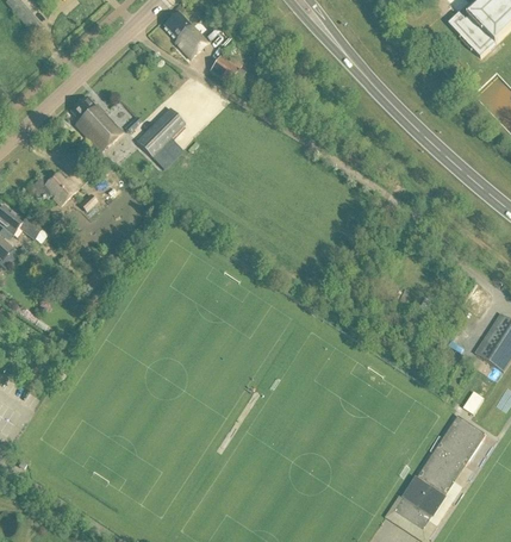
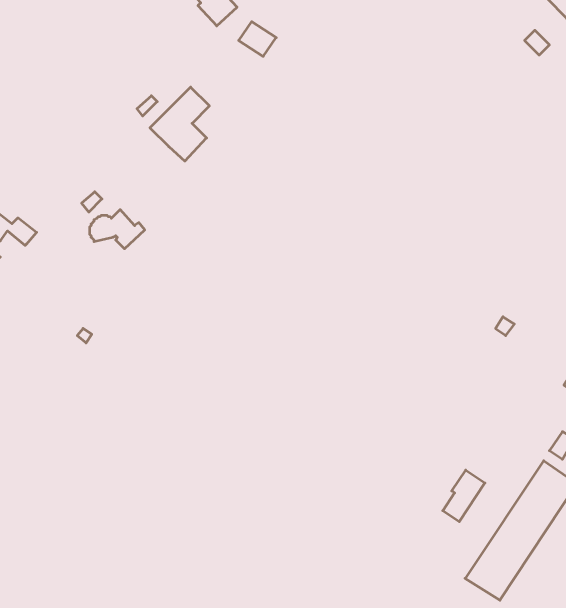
building: [69,94,120,150] -> none
building: [31,172,76,204] -> [90,210,145,249]
building: none -> [443,470,485,522]

